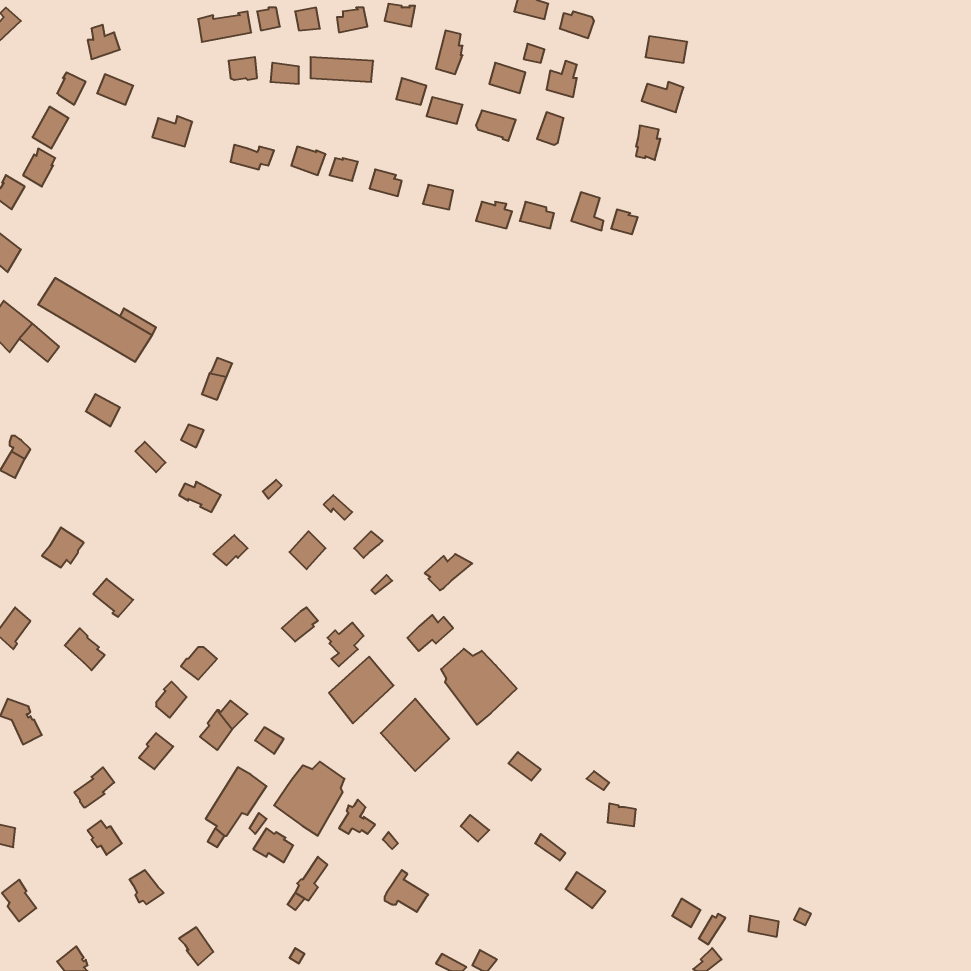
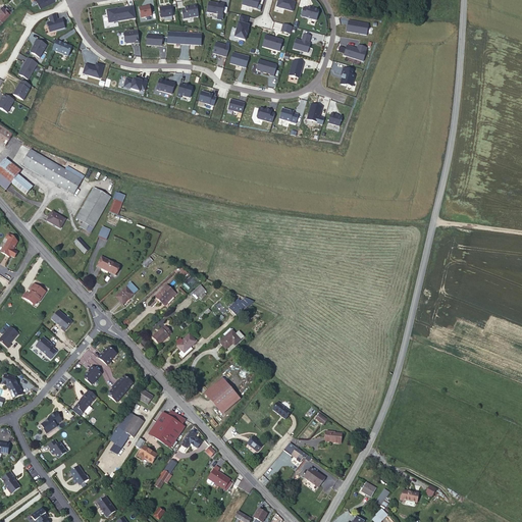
building: none -> [75,187,110,229]
building: [441,649,517,725] -> none
building: [329,657,394,723] -> none

